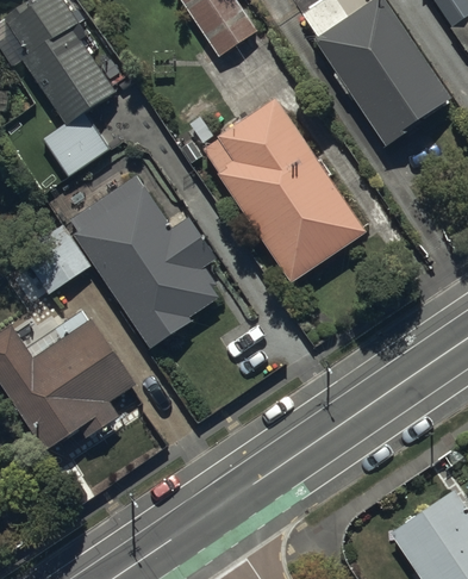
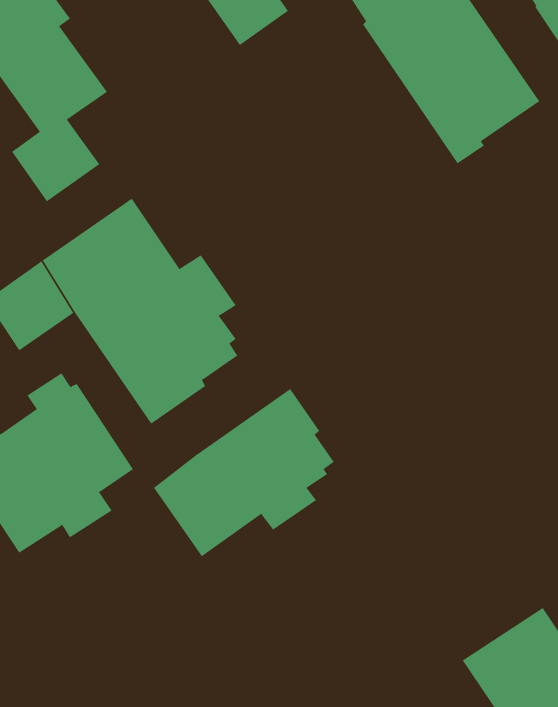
building: [202,99,364,282] -> none
building: none -> [153,388,335,557]

